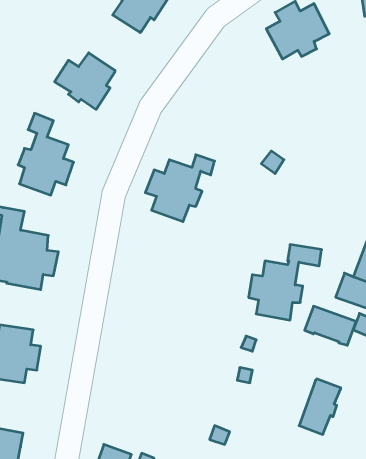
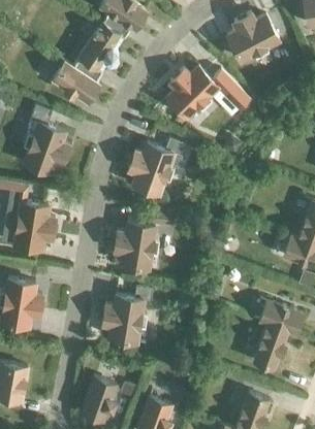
building: none -> [81,25,123,70]
building: none -> [166,66,249,117]
building: [249,245,322,320] -> [114,207,174,269]
building: [305,306,356,345] -> [259,301,302,333]
building: none -> [101,287,152,348]

